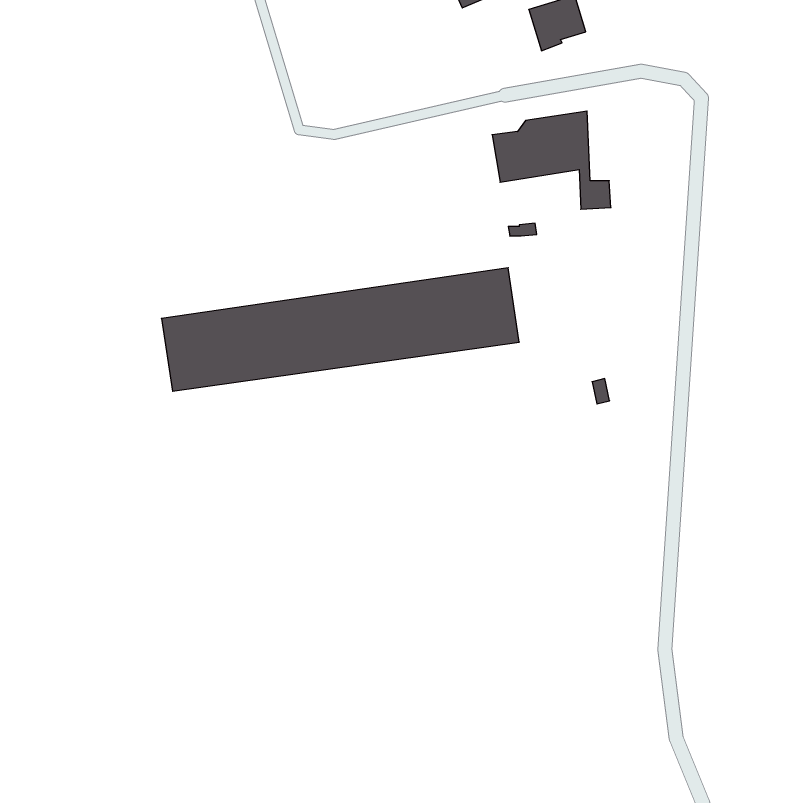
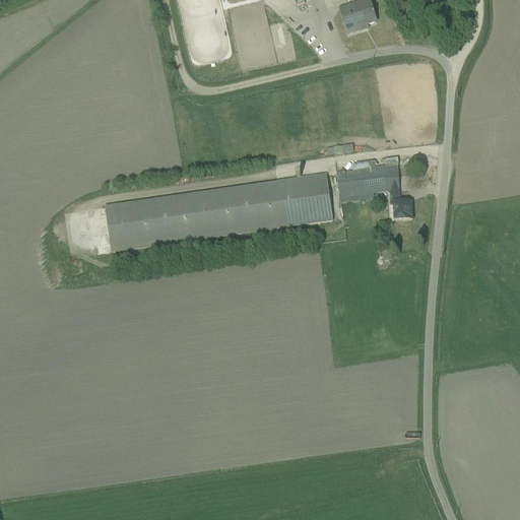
building: [492,111,611,209] -> [336,155,412,218]

